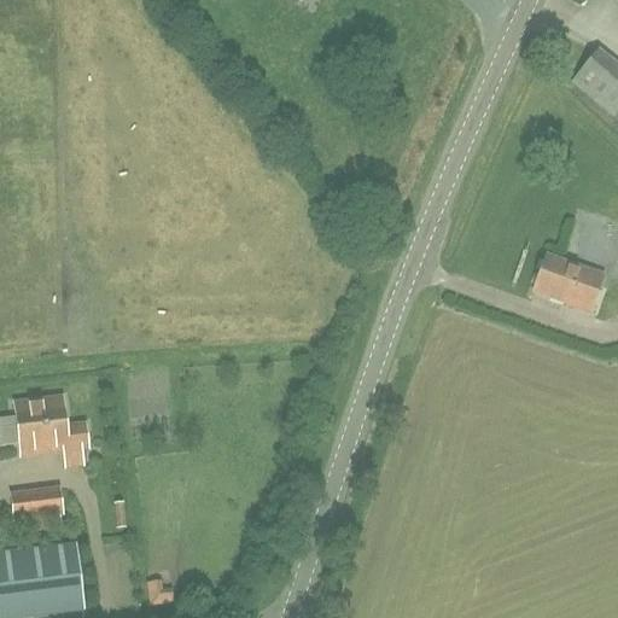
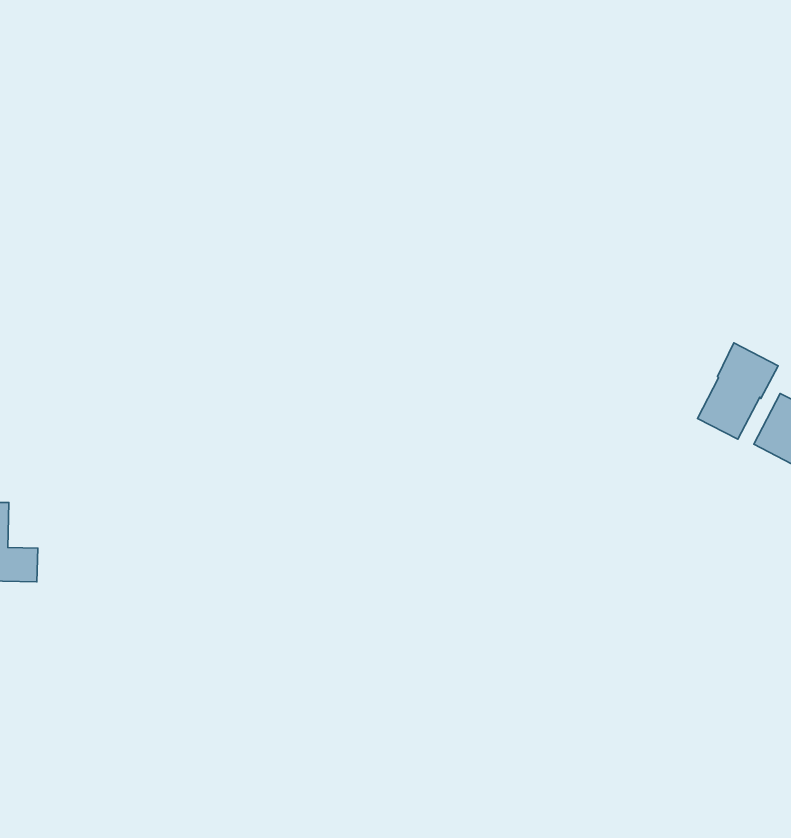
building: none -> [697,343,778,439]

